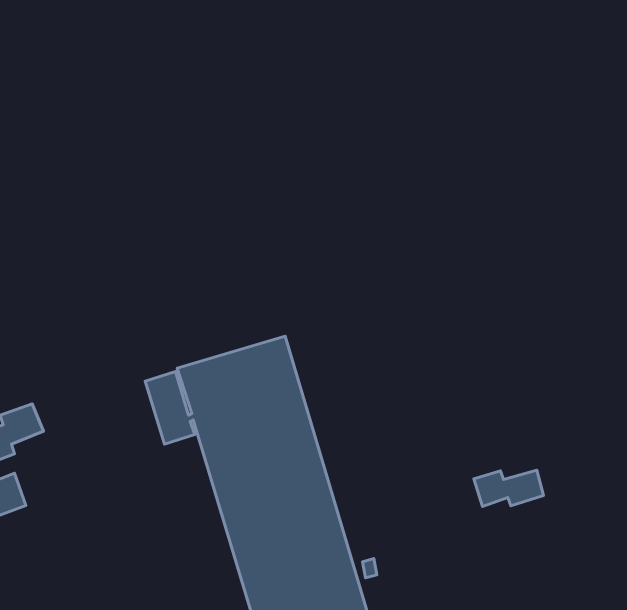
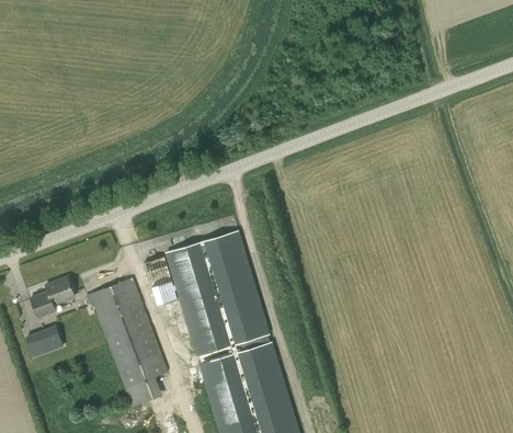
building: none -> [88,277,168,408]
building: [474,470,543,506] -> none

